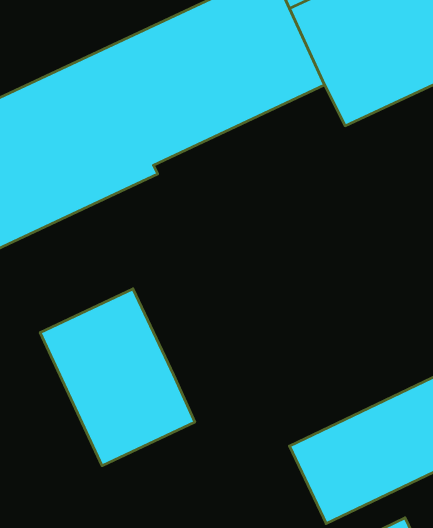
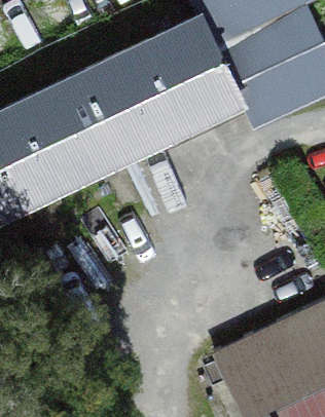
building: [40,289,195,466] -> none

